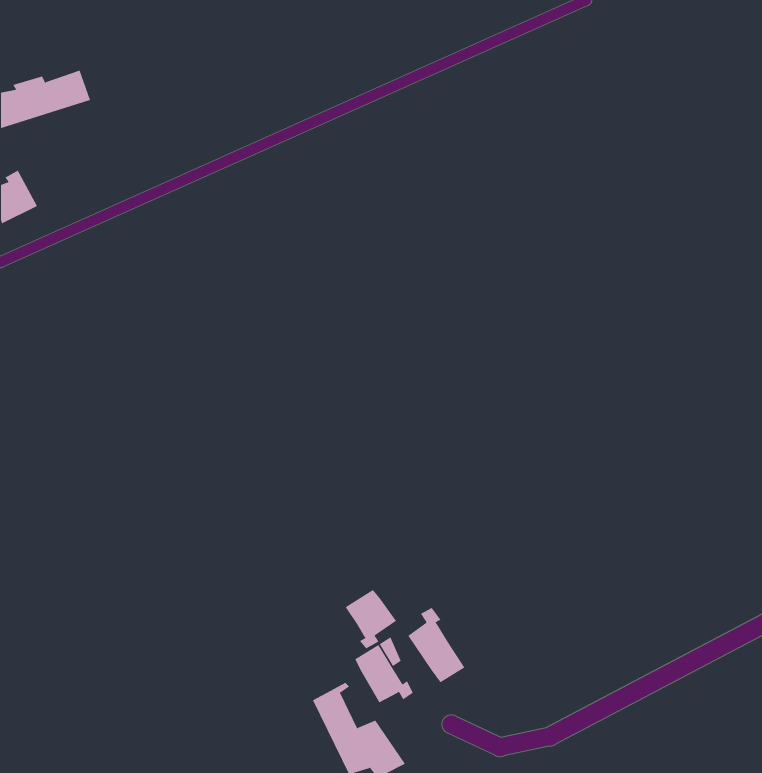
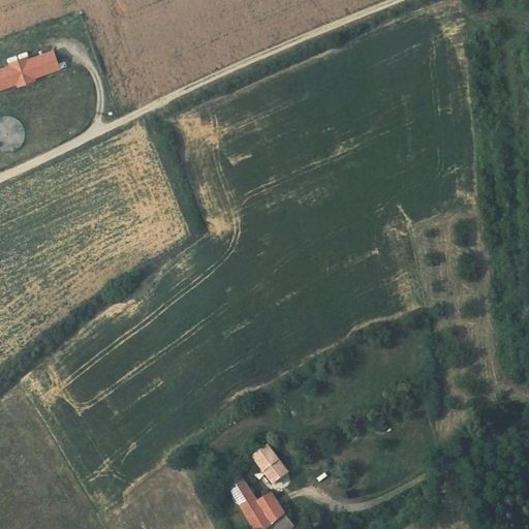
building: [345,589,397,649] -> none
building: [407,607,465,683] -> none

